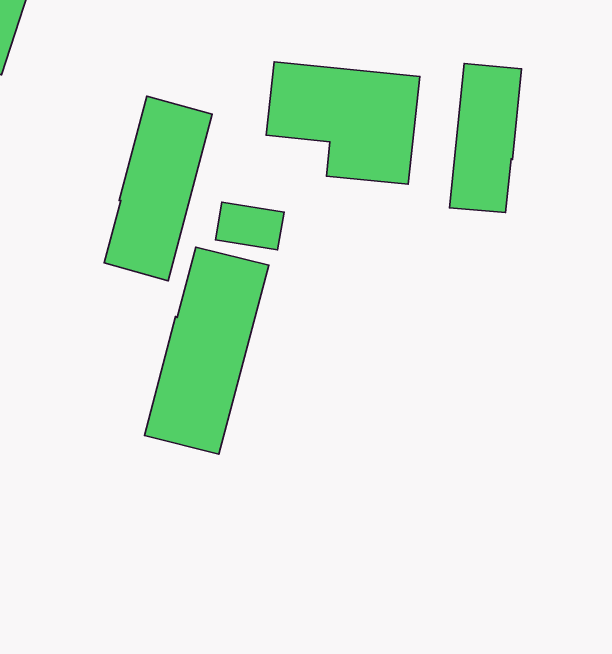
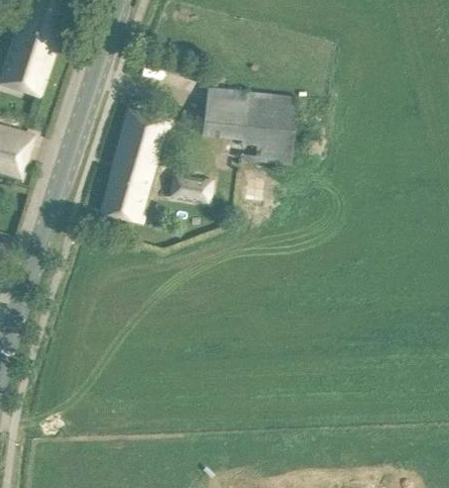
building: [450,64,522,213] -> none
building: [144,247,269,454] -> none

